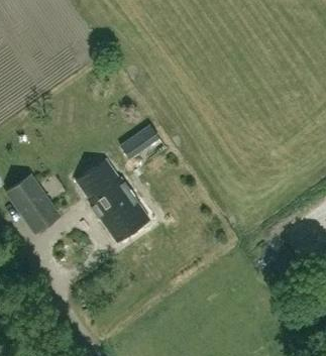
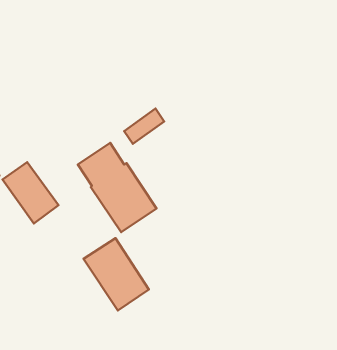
building: none -> [83,238,149,311]

